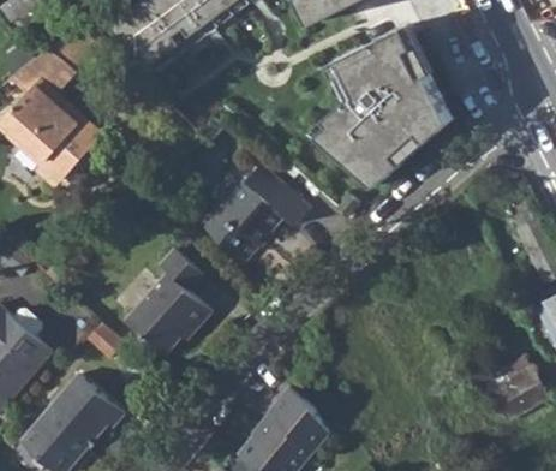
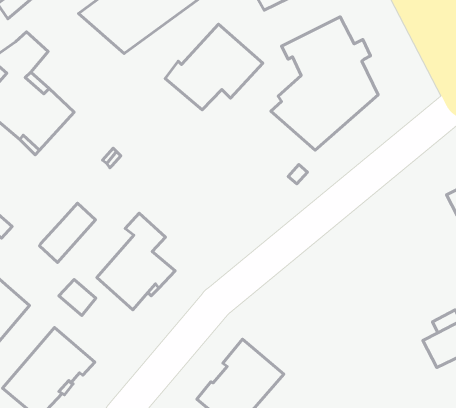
building: [202,165,310,260] -> [165,24,263,110]
building: none -> [40,203,95,262]

